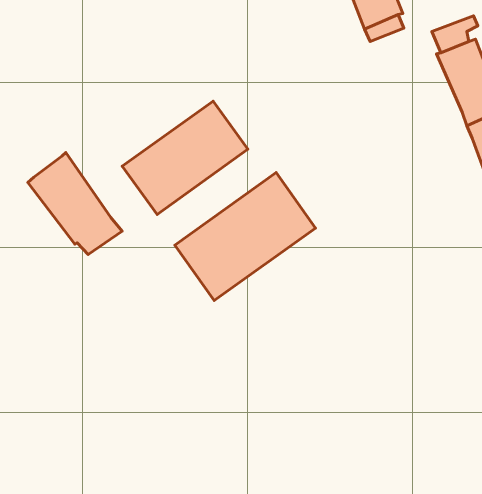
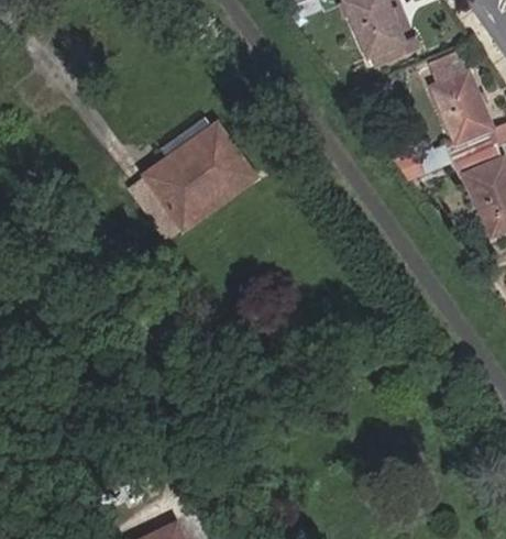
building: [28,152,122,254] -> none
building: [175,172,316,301] -> none

